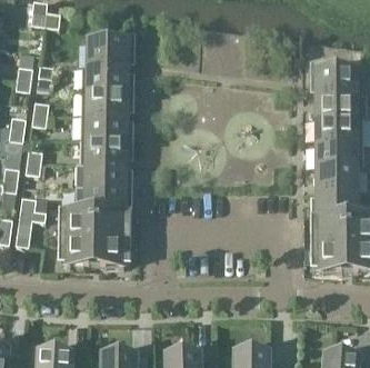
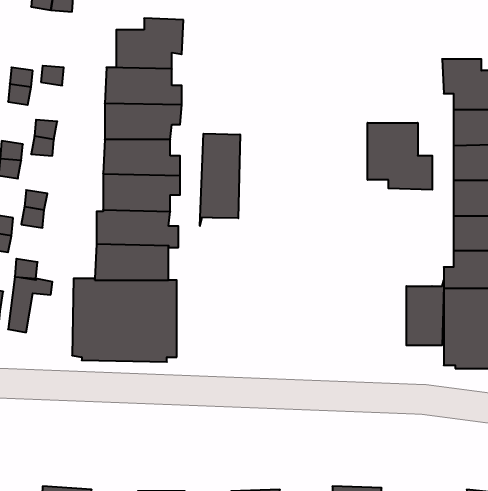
building: none -> [368,123,432,190]
building: none -> [200,134,240,226]
building: none -> [406,280,444,345]

